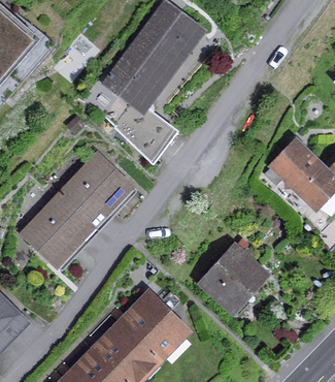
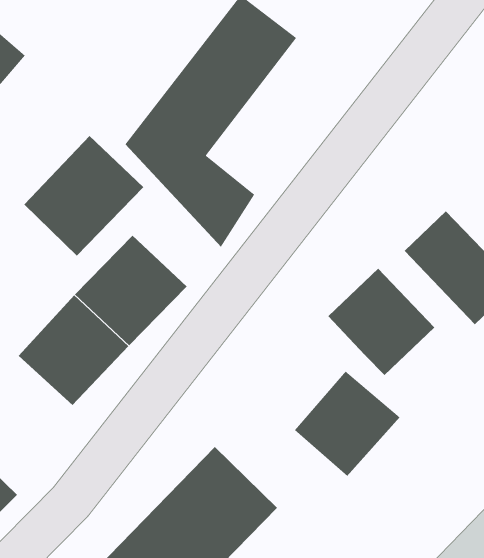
building: none -> [24,135,144,257]
building: none -> [328,268,435,376]

